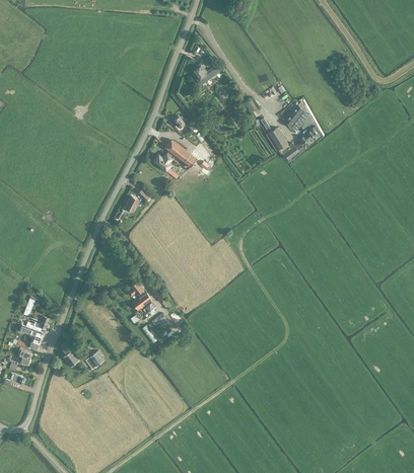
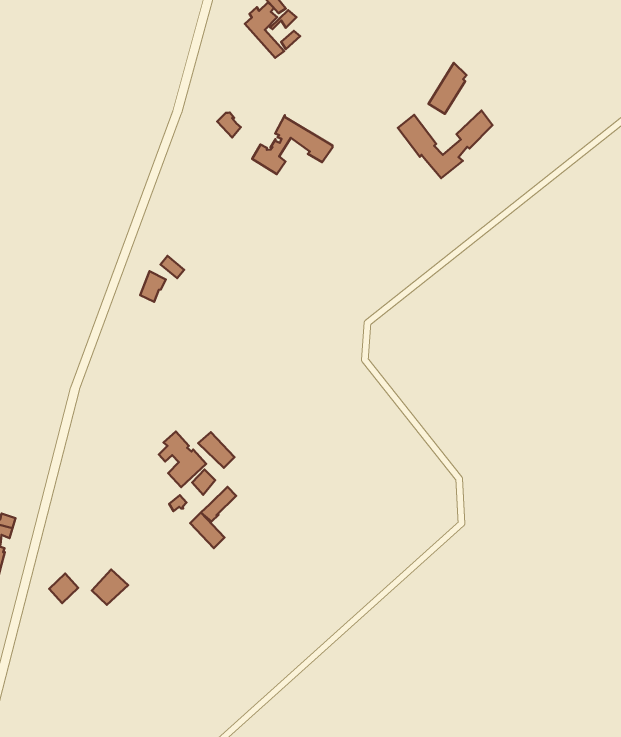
building: [153,140,196,170] -> [252,115,333,174]

